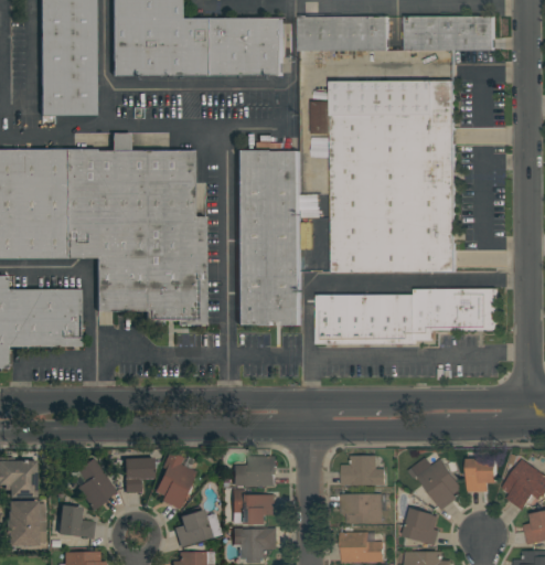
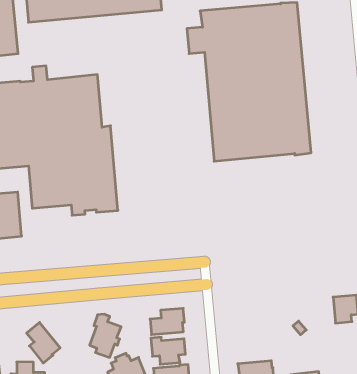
building: [238,151,302,326] -> none
building: [317,288,496,343] -> none
building: [342,455,385,486] -> none
building: [409,457,462,510] -> none
building: [124,458,161,493] -> none
building: [341,493,383,523] -> none
building: [396,507,439,545] -> none

